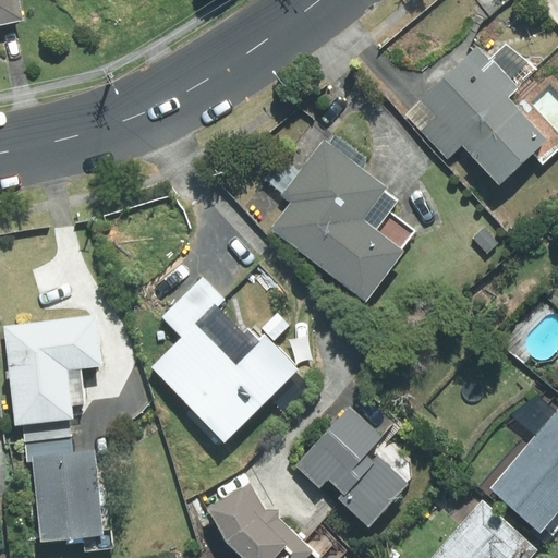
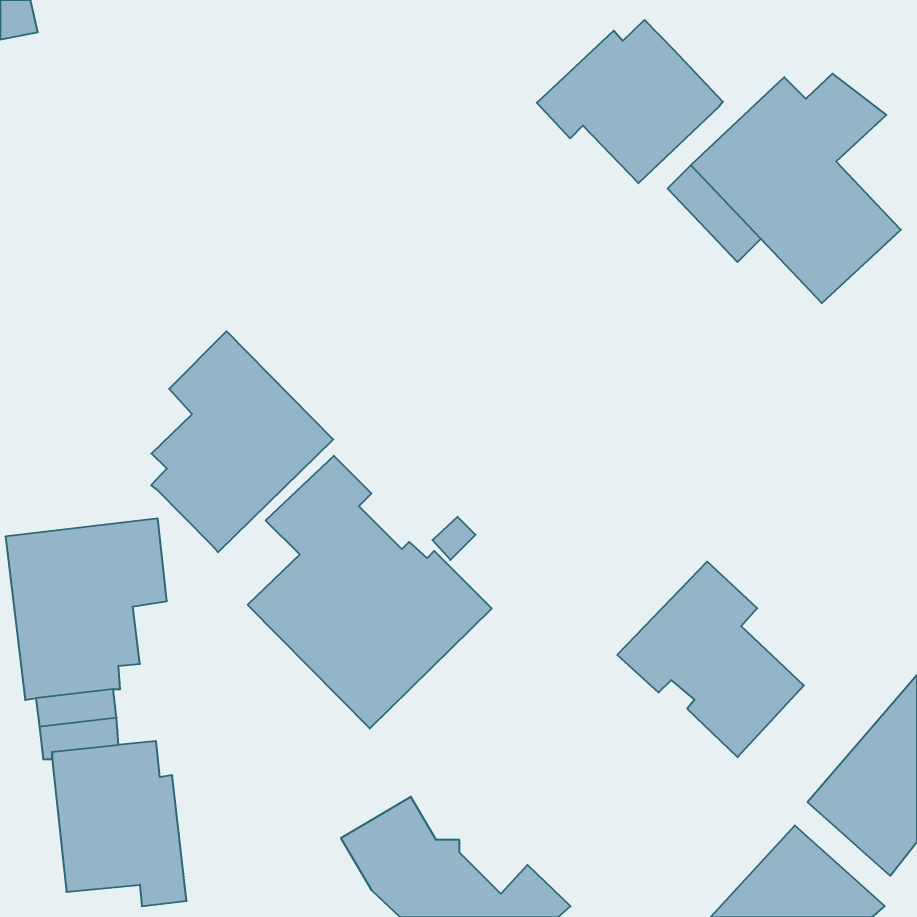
building: none -> [537,20,723,183]
building: [264,134,414,300] -> none
building: none -> [151,331,333,552]
building: [295,409,409,527] -> [617,562,804,757]

